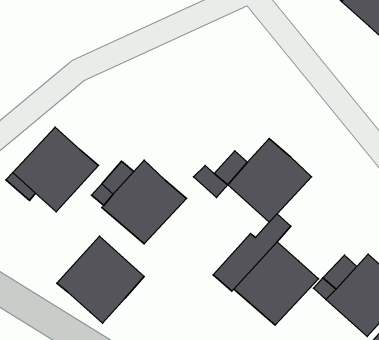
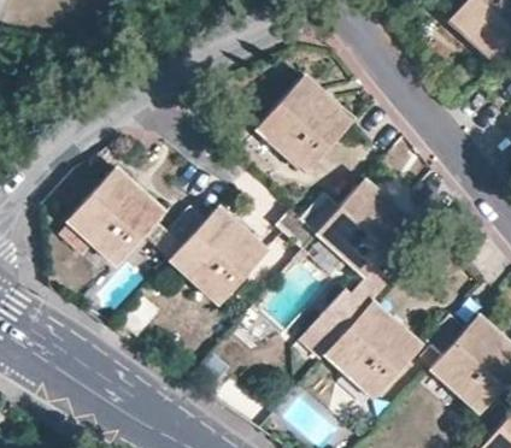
building: none -> [256,79,352,176]
building: [57,236,144,323] -> none

